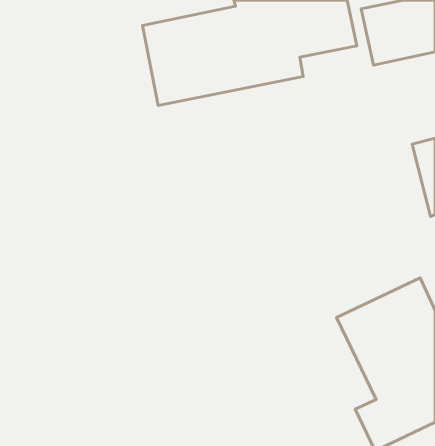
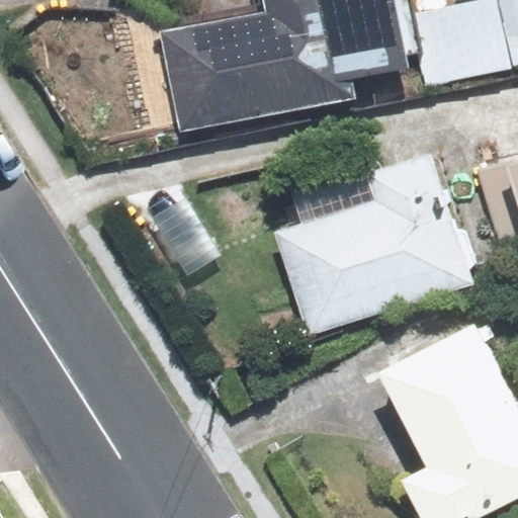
building: none -> [277,157,470,332]

